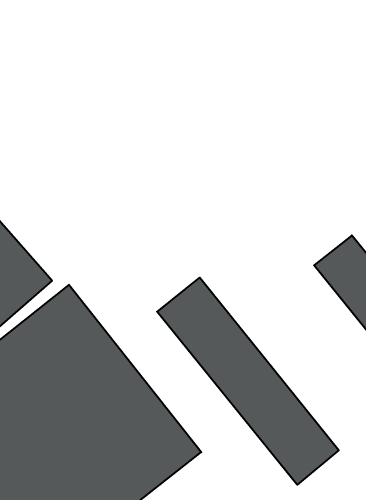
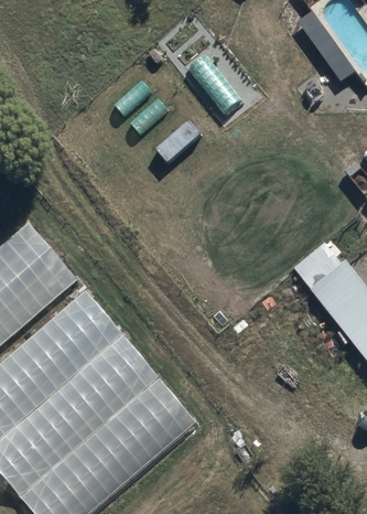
building: [157,278,339,485] -> none

